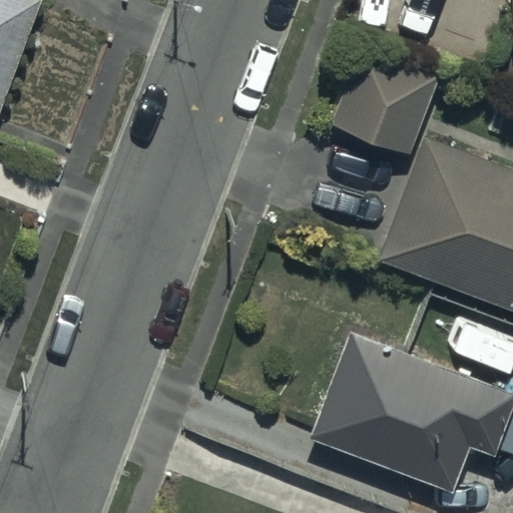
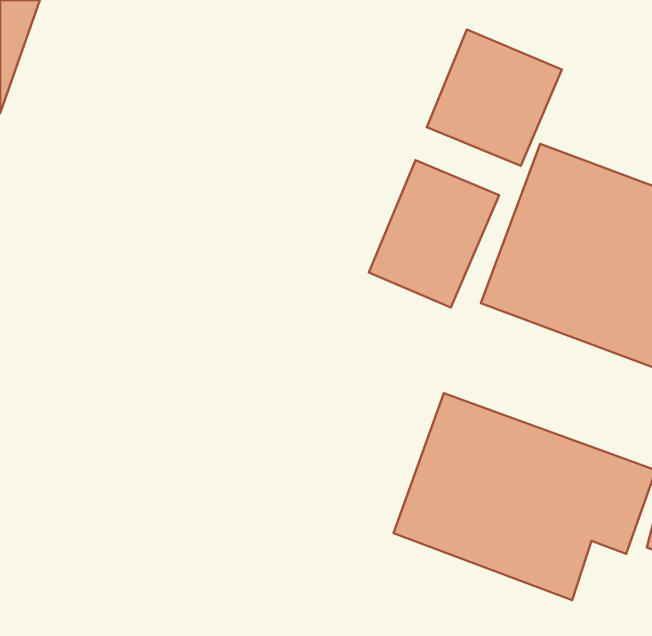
building: none -> [369,160,499,308]

